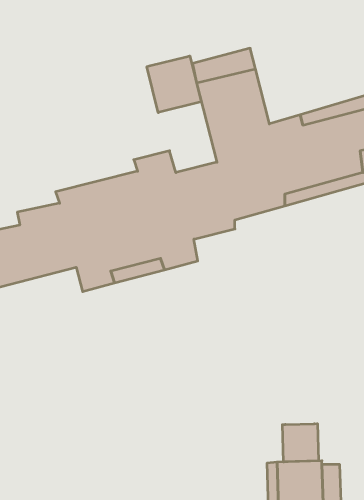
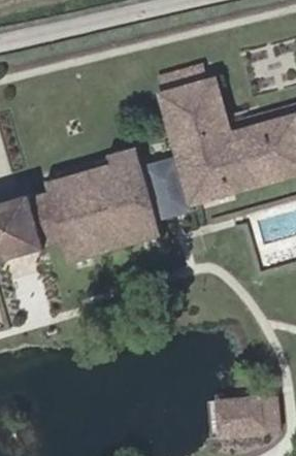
building: [147,56,201,113] -> none
building: [282,424,318,462] -> none

